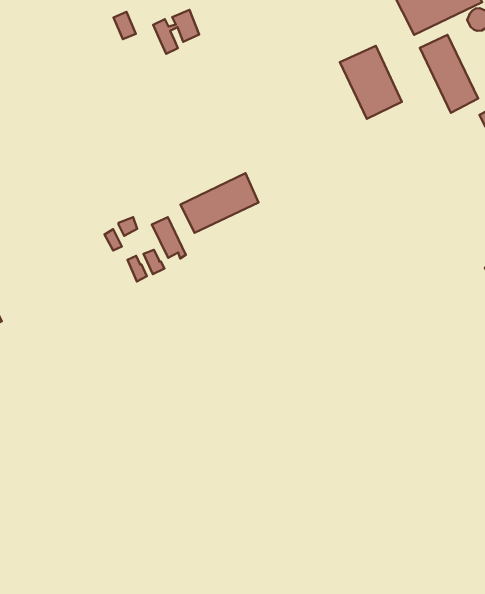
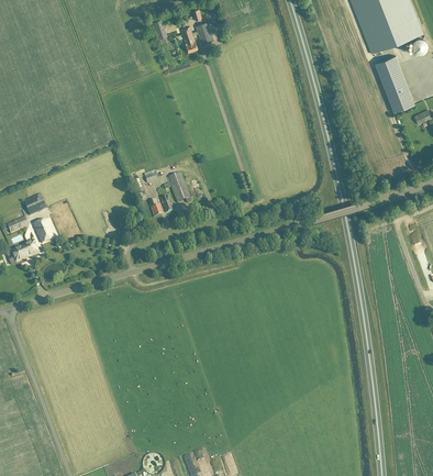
building: [340,46,402,119] -> none
building: [181,173,258,233] -> none

